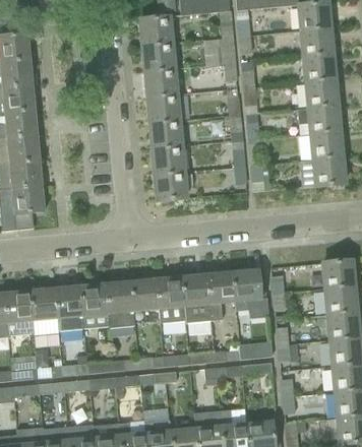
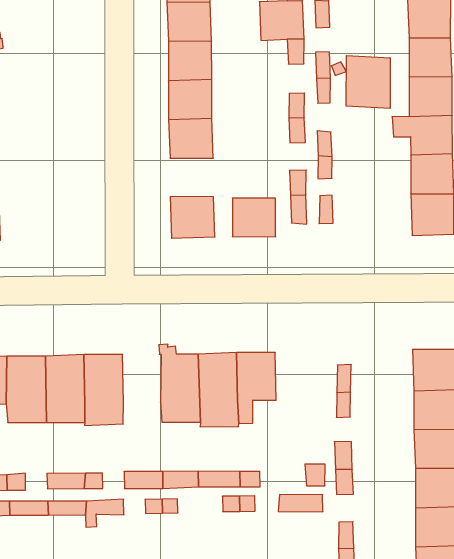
building: none -> [346,56,390,108]
building: [153,146,183,174] -> [232,198,276,237]
building: [232,269,268,318] -> none
building: [131,278,159,312] -> none

